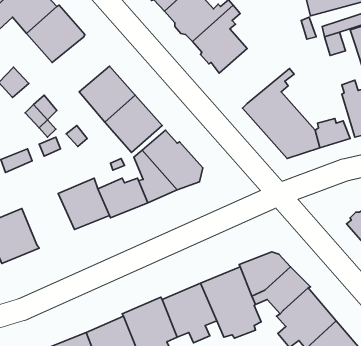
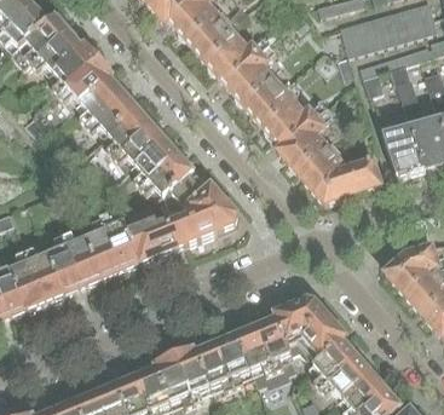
building: none -> [80,75,139,132]
building: none -> [253,87,325,144]
building: none -> [48,237,103,290]

